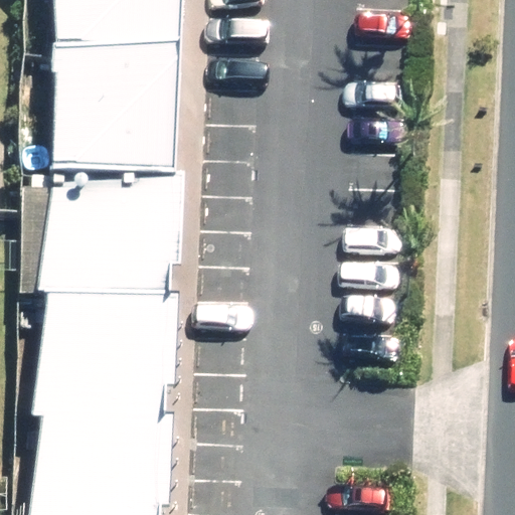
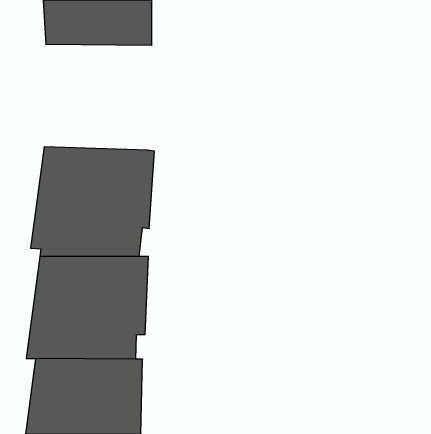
building: [52,52,180,178] -> none

